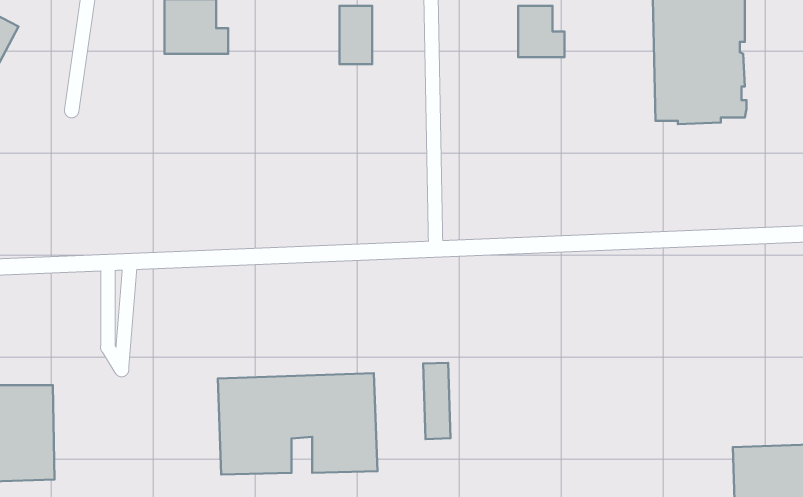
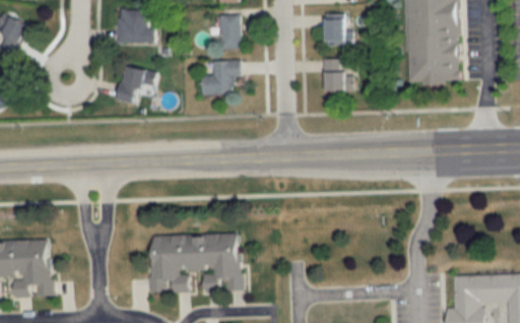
building: none -> [324,58,353,91]
building: none -> [201,60,241,94]
building: none -> [118,66,154,105]
building: [423,363,451,439] -> none

